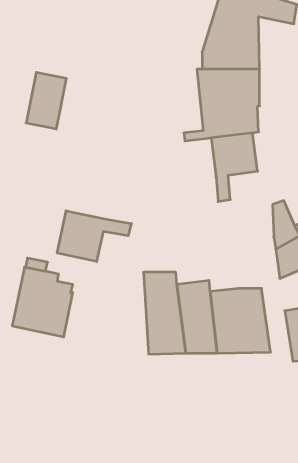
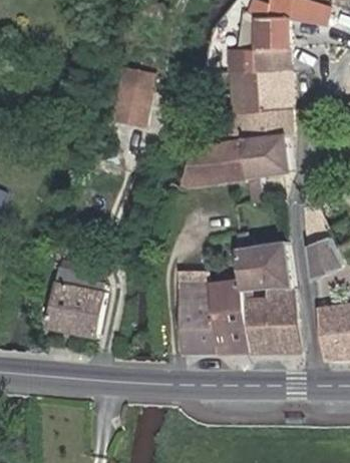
building: [26,72,66,129] -> [113,68,153,124]
building: none -> [180,138,248,185]
building: [57,211,131,262] -> none
building: none -> [235,230,293,291]

